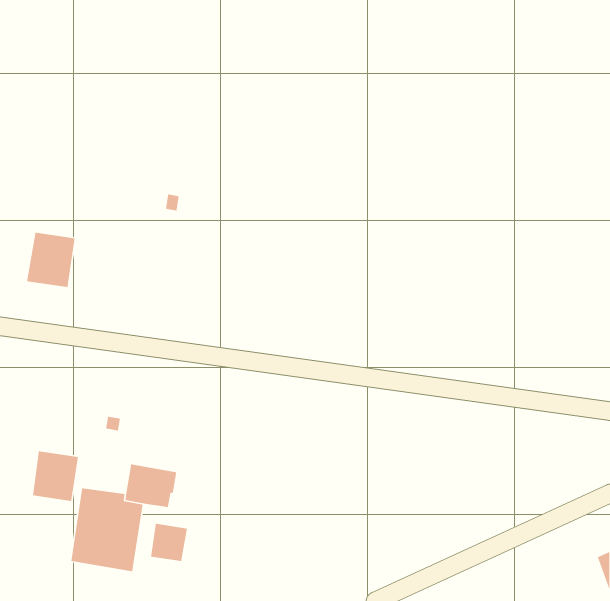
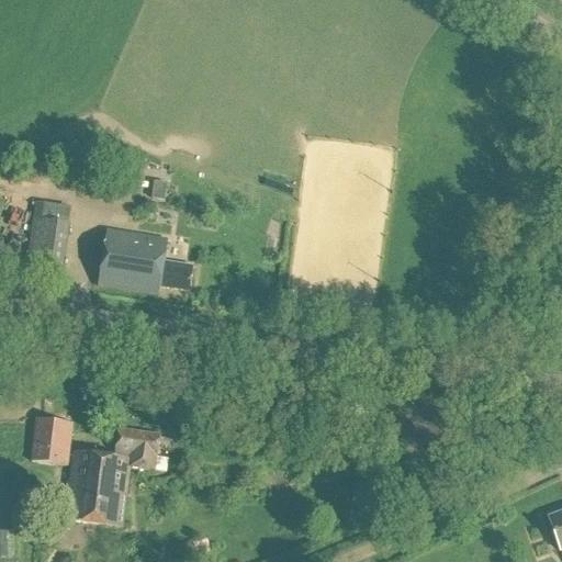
building: none -> [98,227,195,291]
building: [150,523,188,562] -> none

